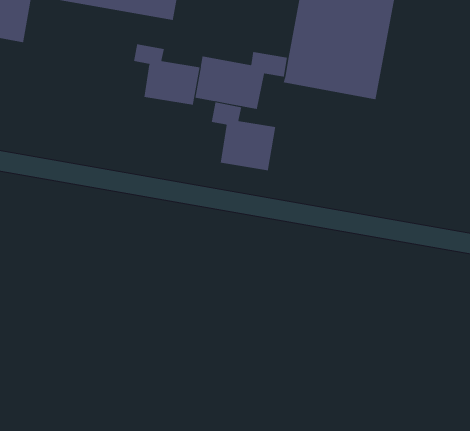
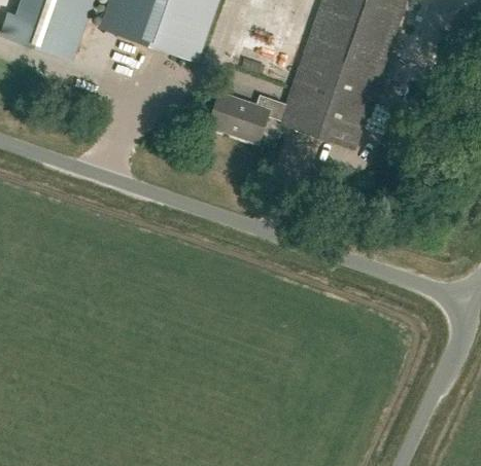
building: [134,43,200,106] -> none
building: [211,102,276,171] -> none

